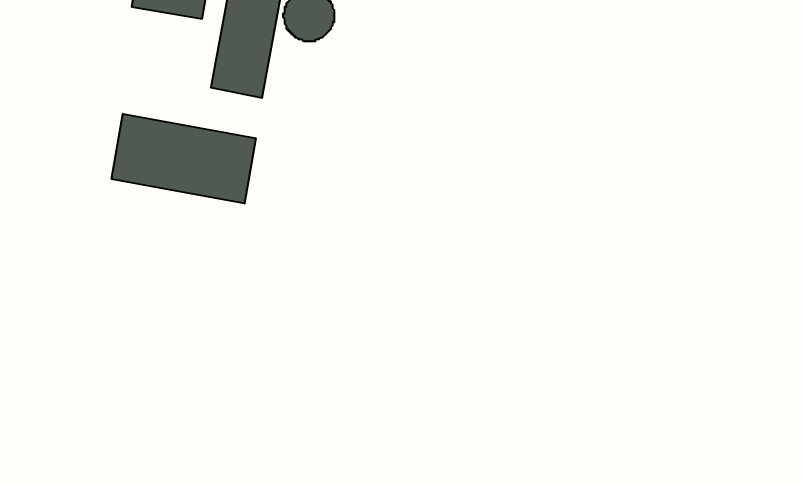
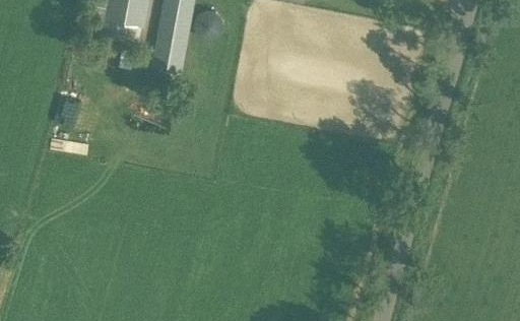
building: [112,114,256,204] -> none

